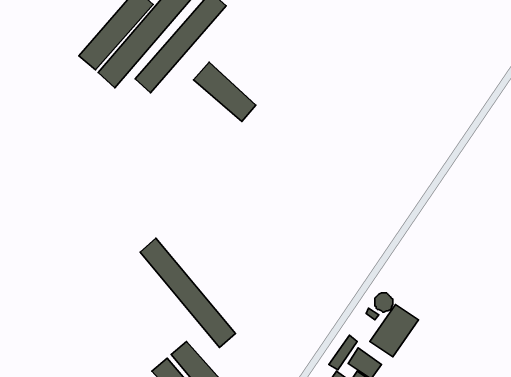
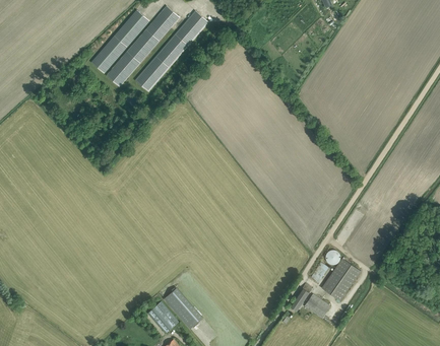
building: [194,62,256,122] -> none
building: [140,238,235,347] -> none

